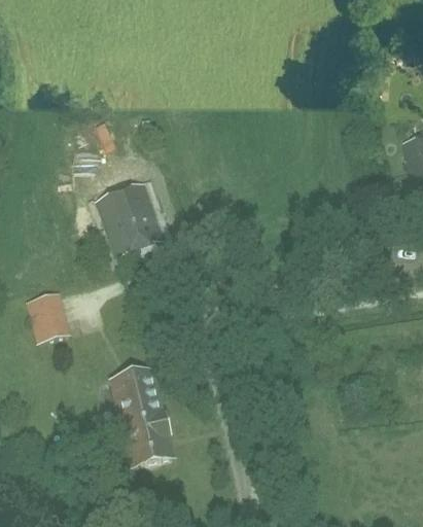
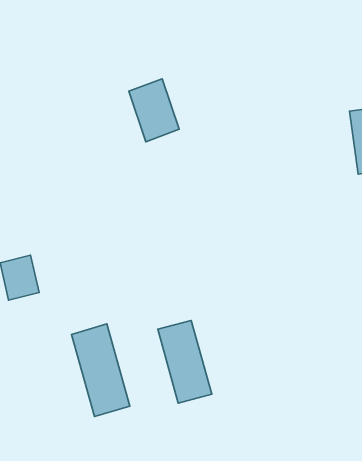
building: [101,185,155,253] -> [129,79,179,142]
building: none -> [158,321,212,403]

